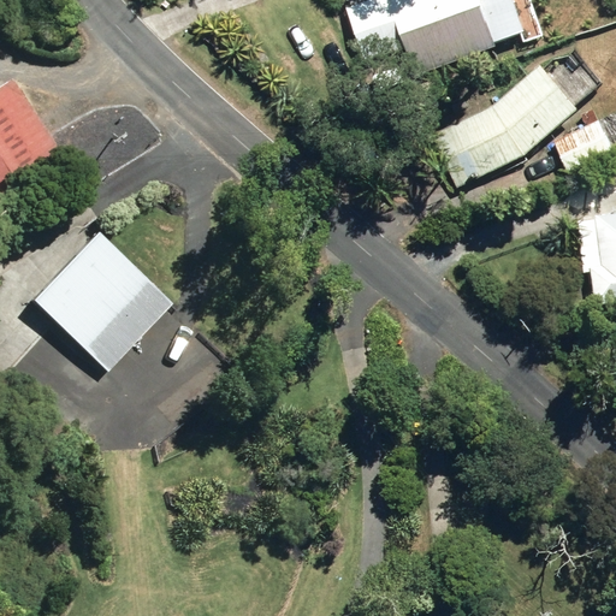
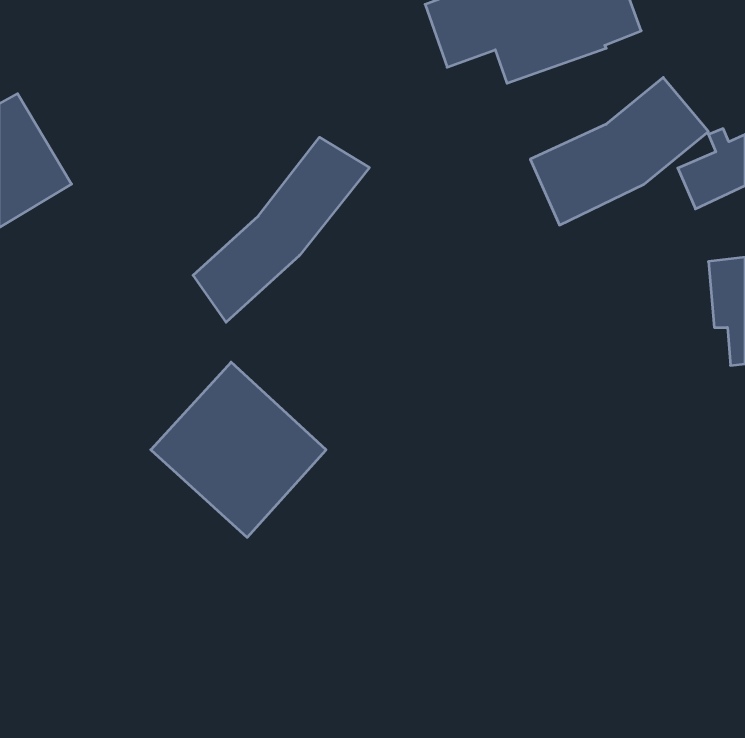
building: none -> [193,137,369,322]
building: [29,227,173,372] -> [151,362,326,537]

